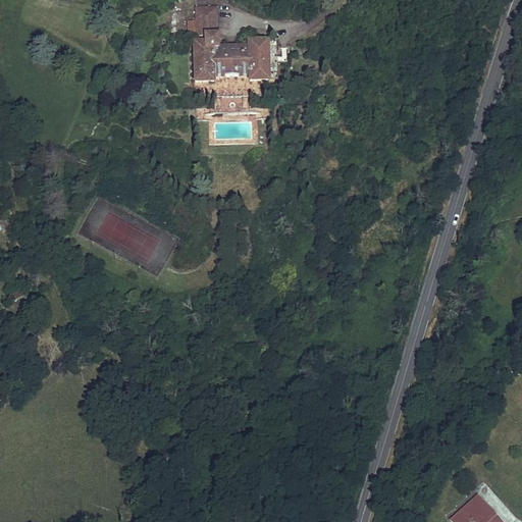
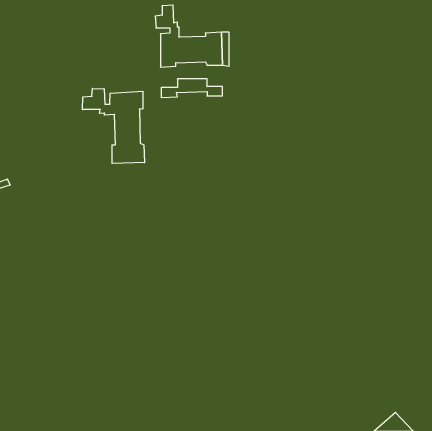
building: none -> [83,88,145,163]

